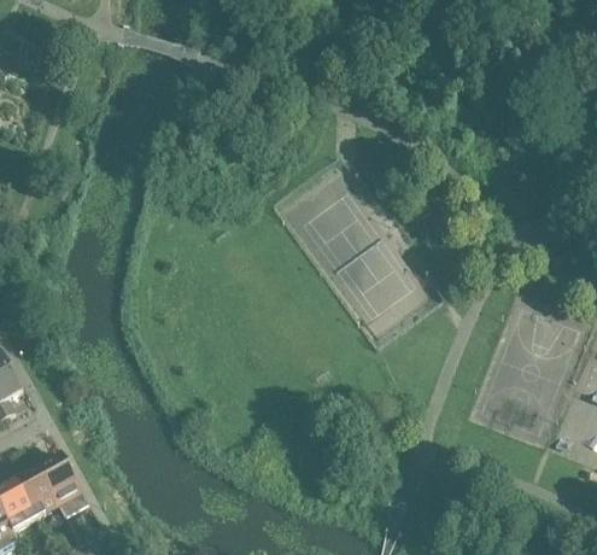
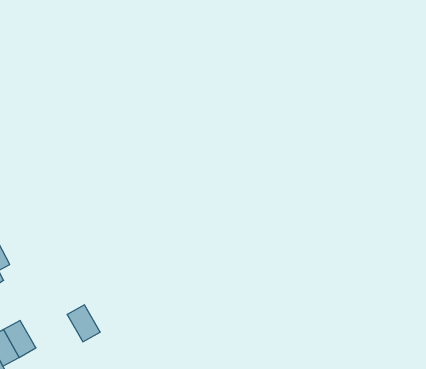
building: [33,455,78,506] -> [67,305,100,342]

